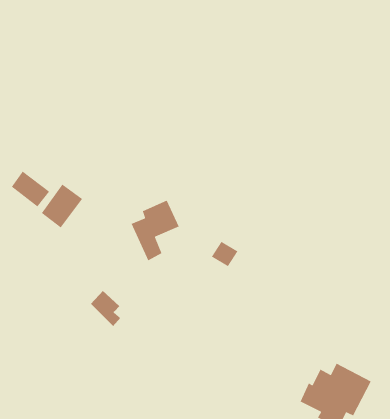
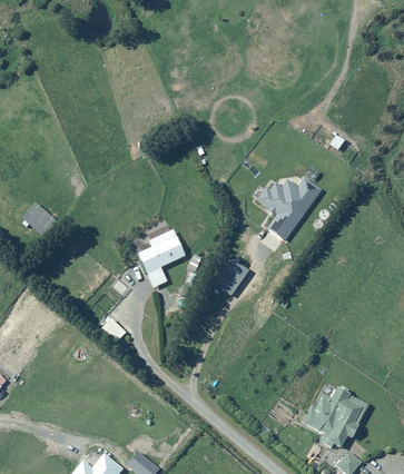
building: none -> [255,177,325,241]
building: [41,183,83,229] -> none

